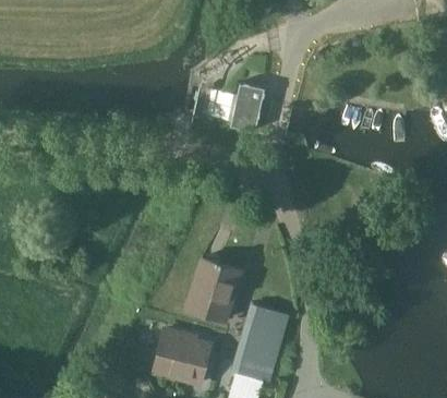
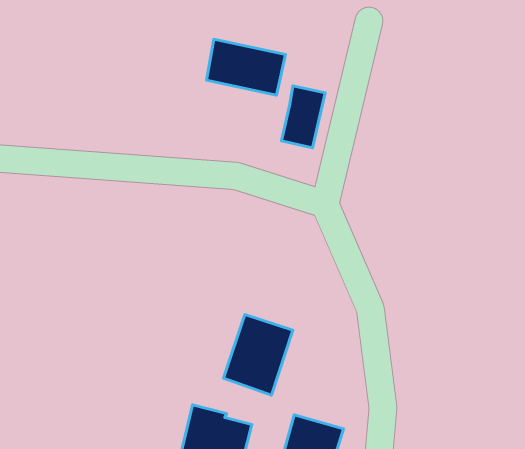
building: none -> [206,39,286,95]
building: [242,302,291,349] -> none

